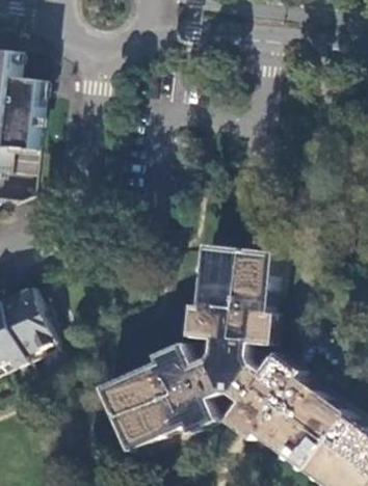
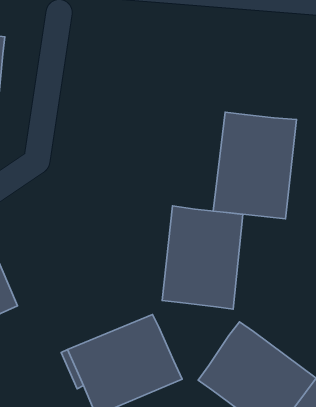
building: none -> [213,112,297,219]
building: [191,340,260,401] -> none

